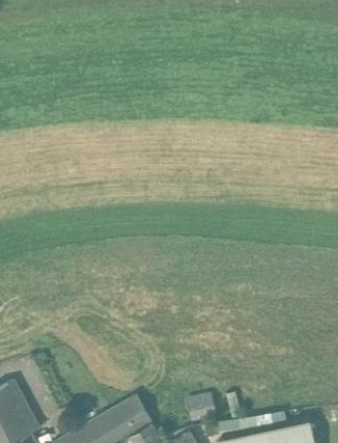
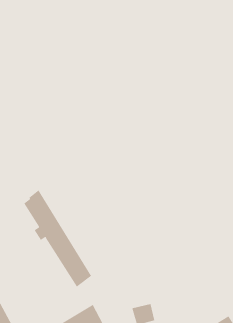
building: none -> [24,190,92,288]

